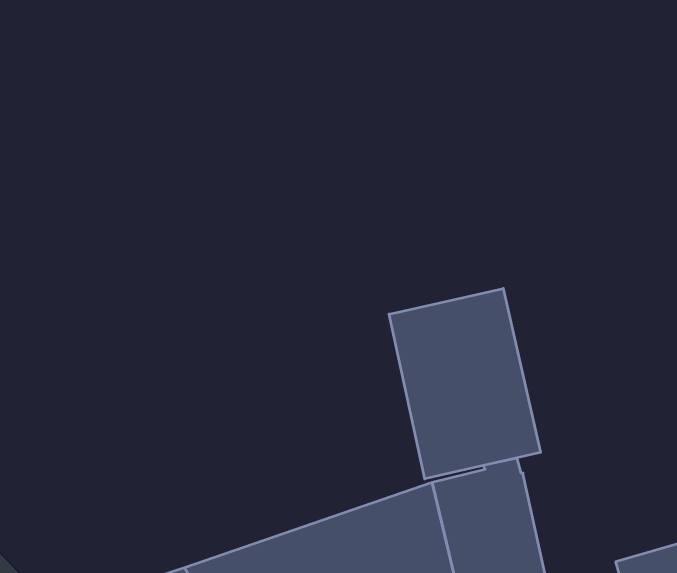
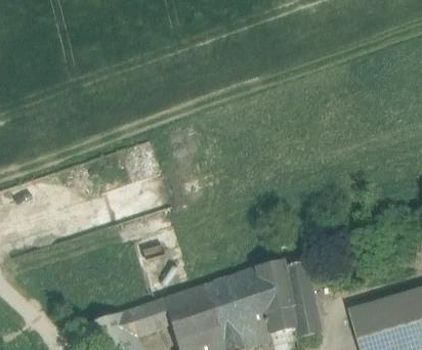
building: [389,288,541,479] -> none

